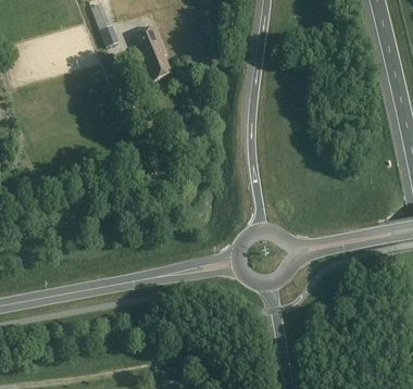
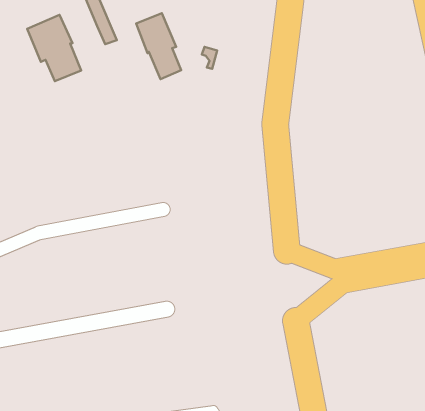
building: none -> [27,15,81,81]

